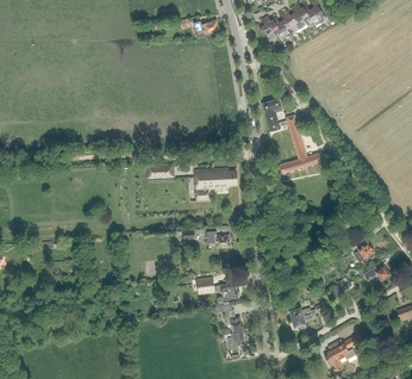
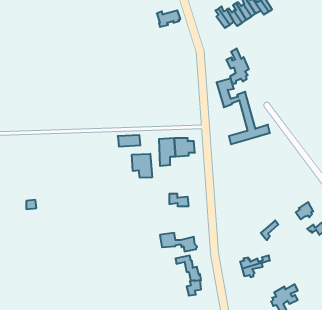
building: none -> [226,48,249,84]
building: none -> [132,154,152,178]

